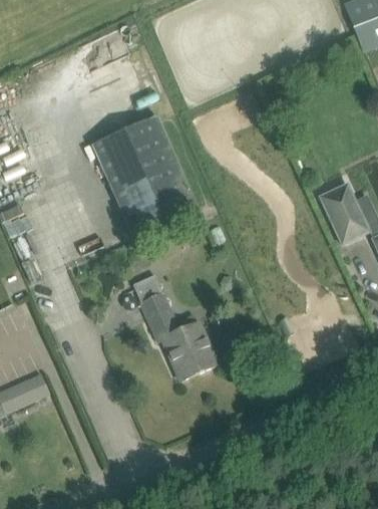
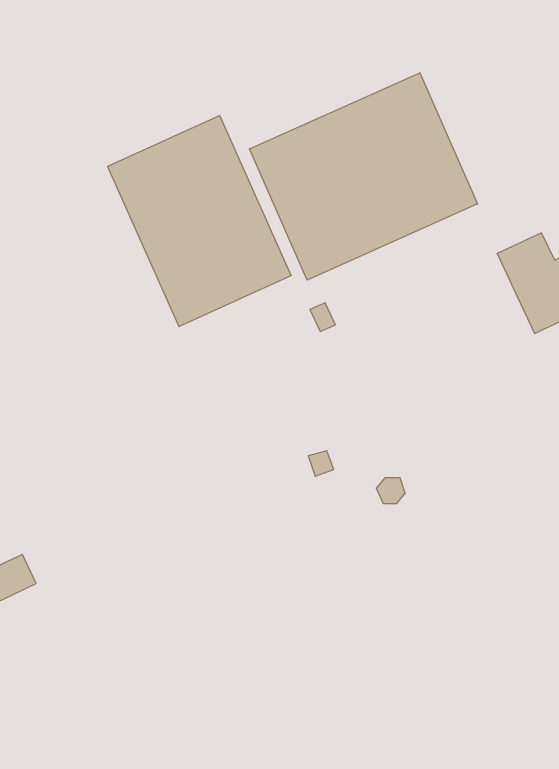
building: none -> [249,73,478,280]
building: [133,274,218,380] -> none

